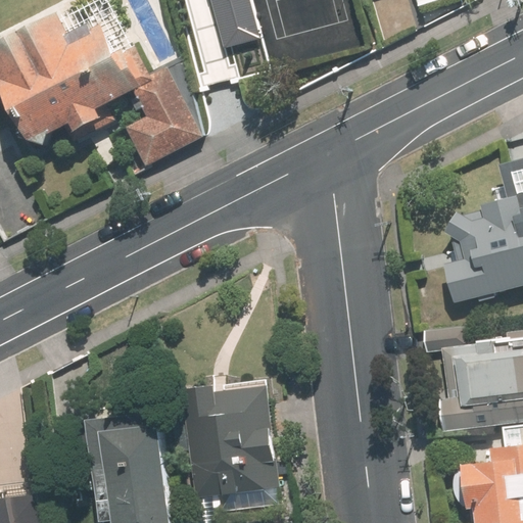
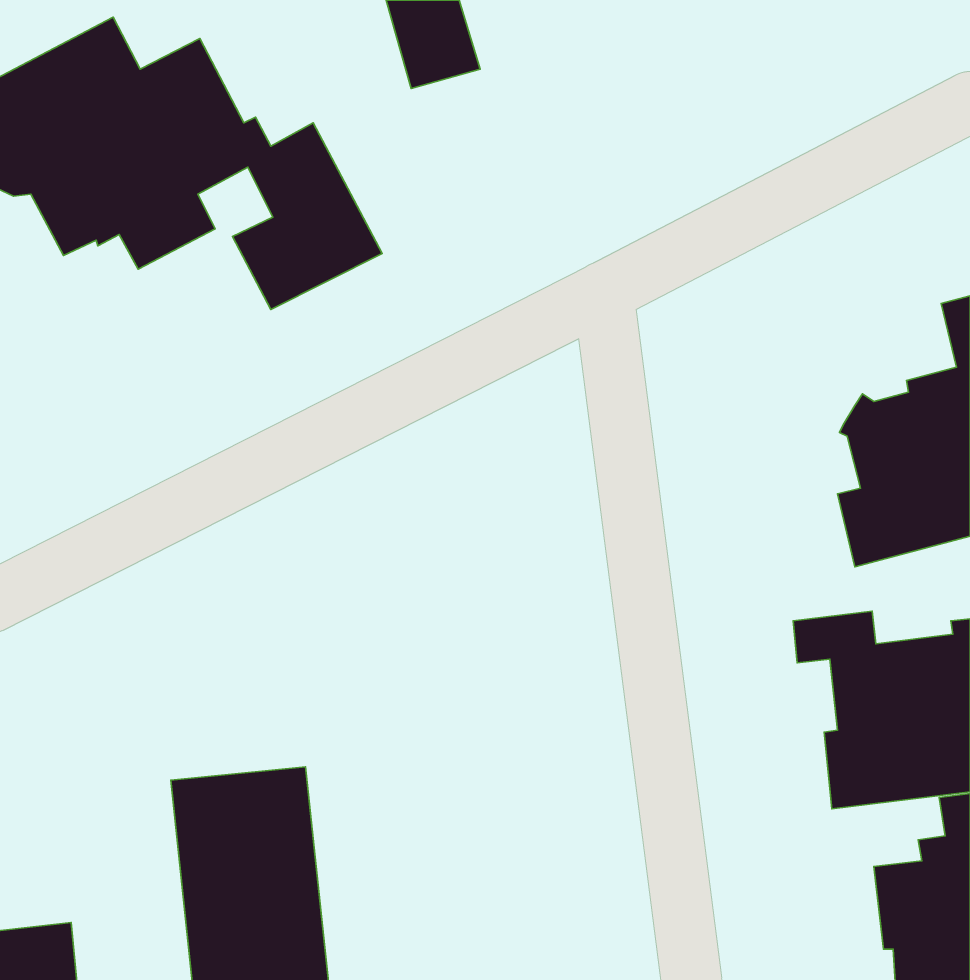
building: [184,382,282,511] -> none

